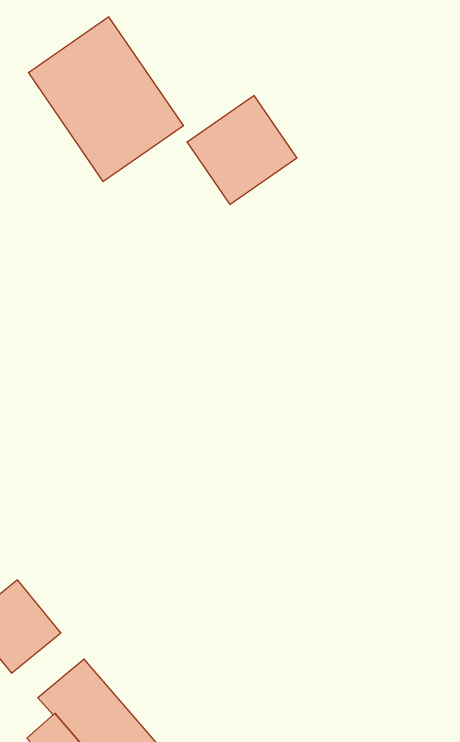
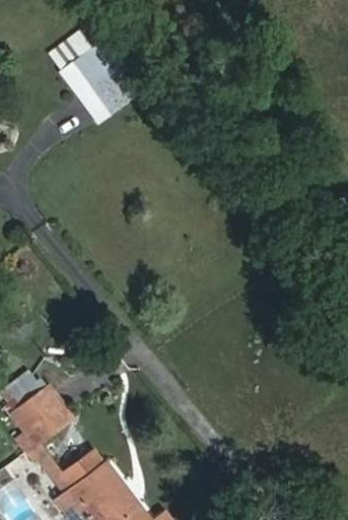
building: [187,95,297,205] -> none

